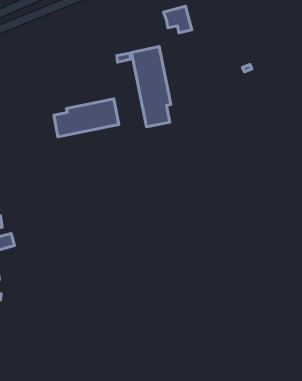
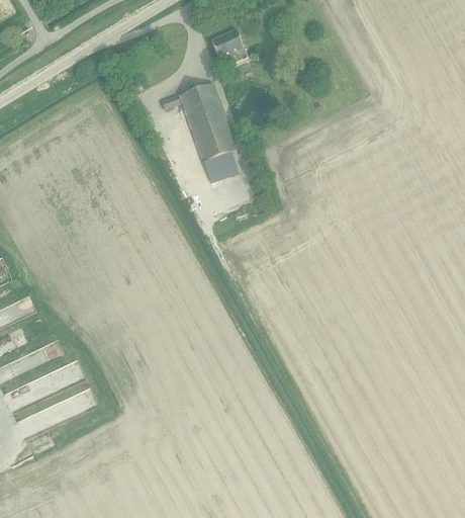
building: [54,99,119,137] -> none

